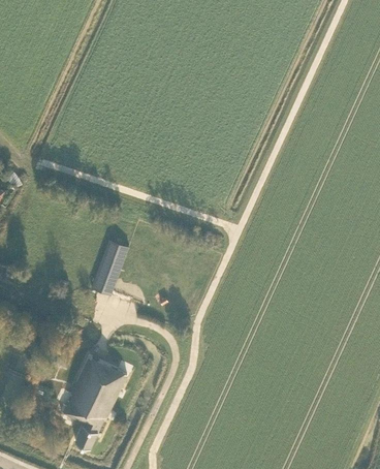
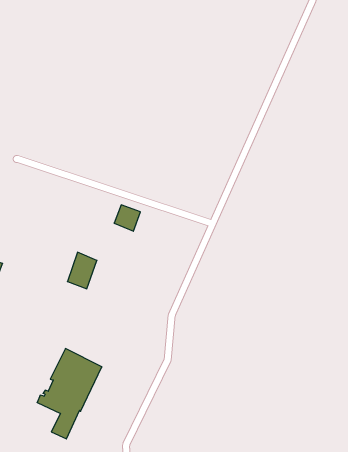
building: [101,240,128,267] -> [114,205,140,231]

